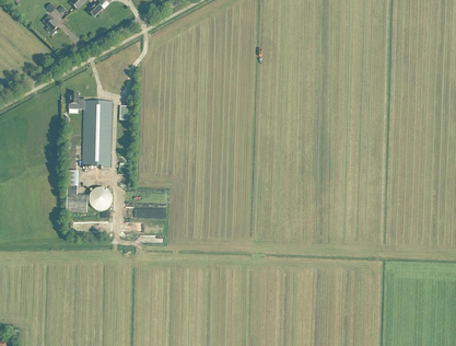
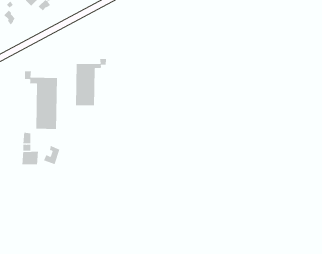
building: none -> [75,58,106,106]

